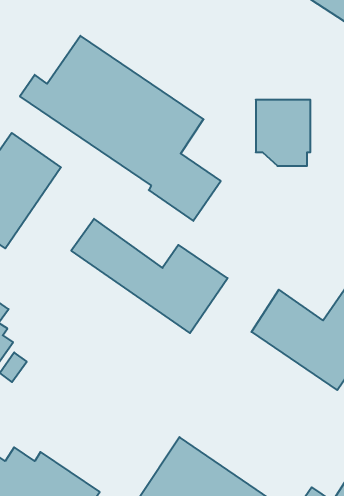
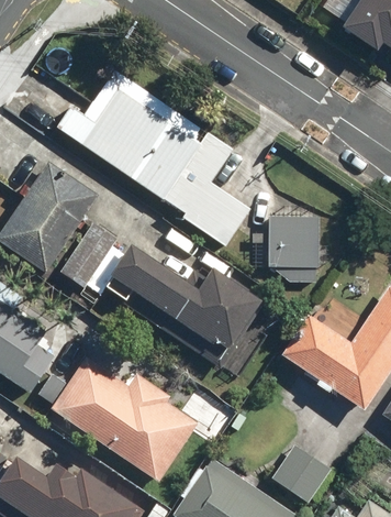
building: [256,100,310,166] -> [268,218,321,282]
building: none -> [59,222,118,288]
building: none -> [49,358,199,482]
building: none -> [271,442,333,503]

